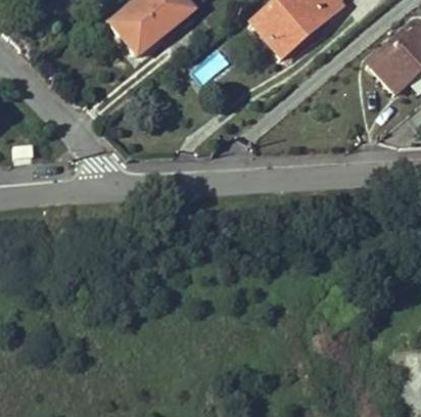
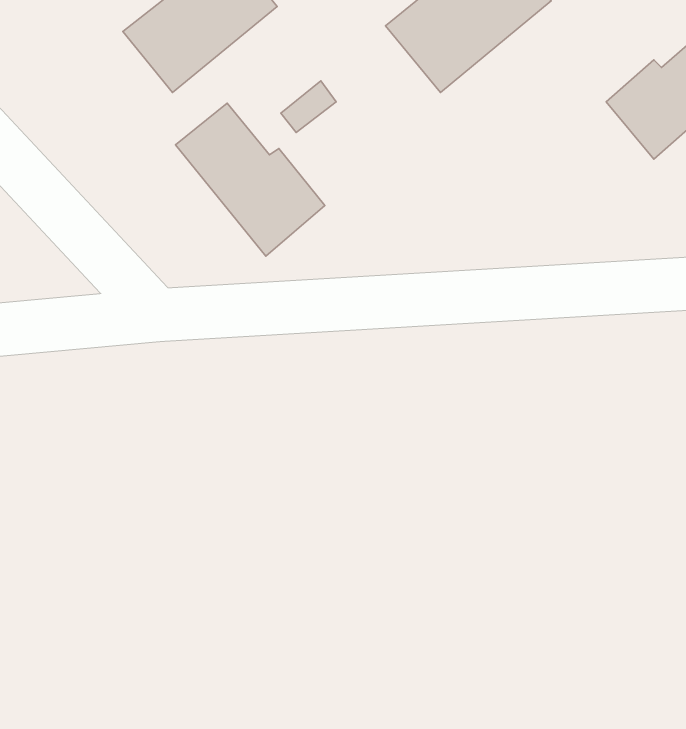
building: none -> [175,103,325,256]

